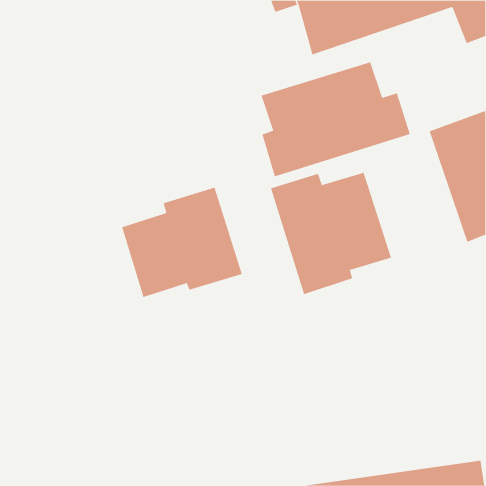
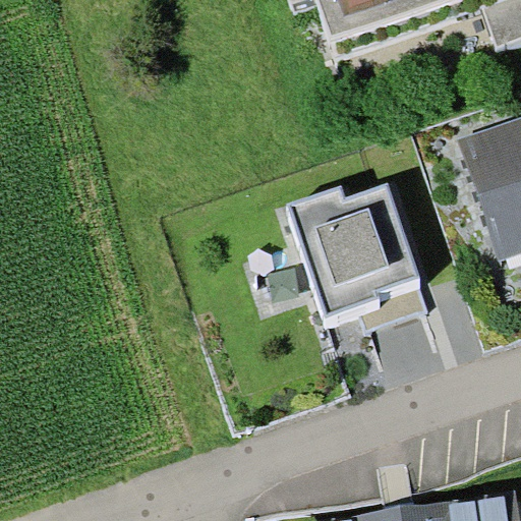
building: [261,61,410,177] -> none
building: [122,187,242,298] -> none

